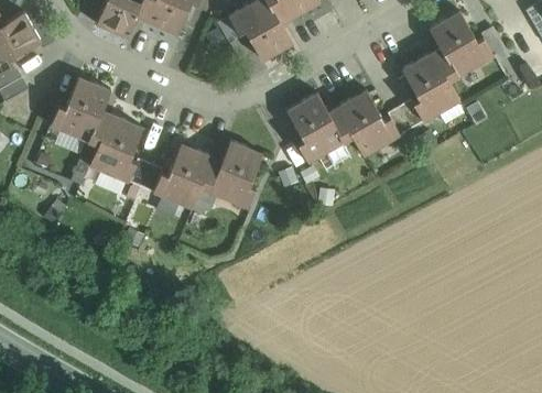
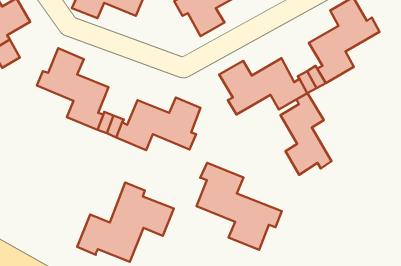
building: none -> [280,93,331,175]
building: none -> [196,163,282,250]
building: none -> [77,182,174,262]

